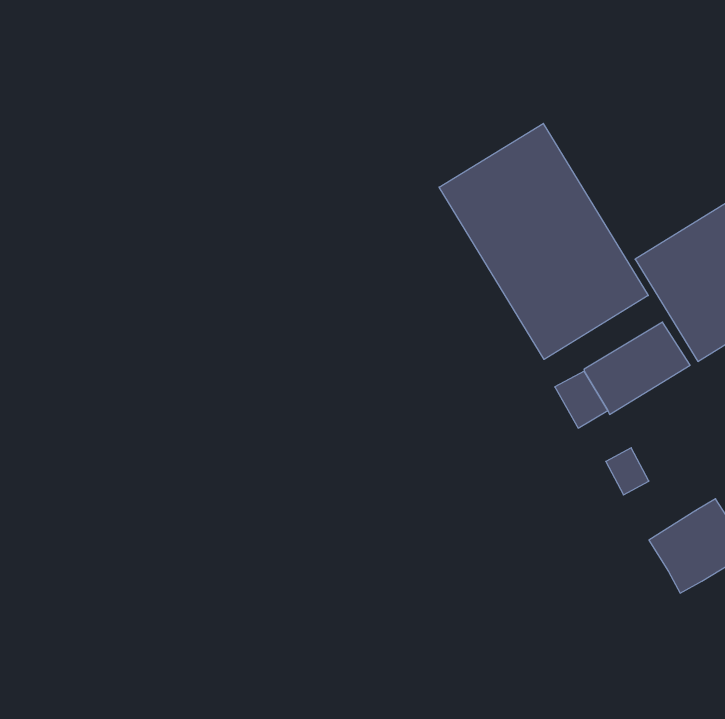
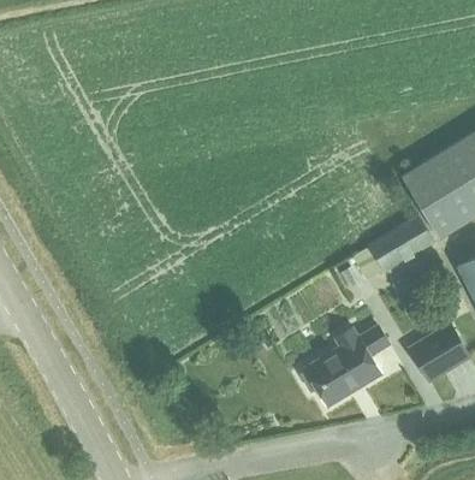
building: [439,123,648,359] -> none
building: none -> [301,326,388,407]

